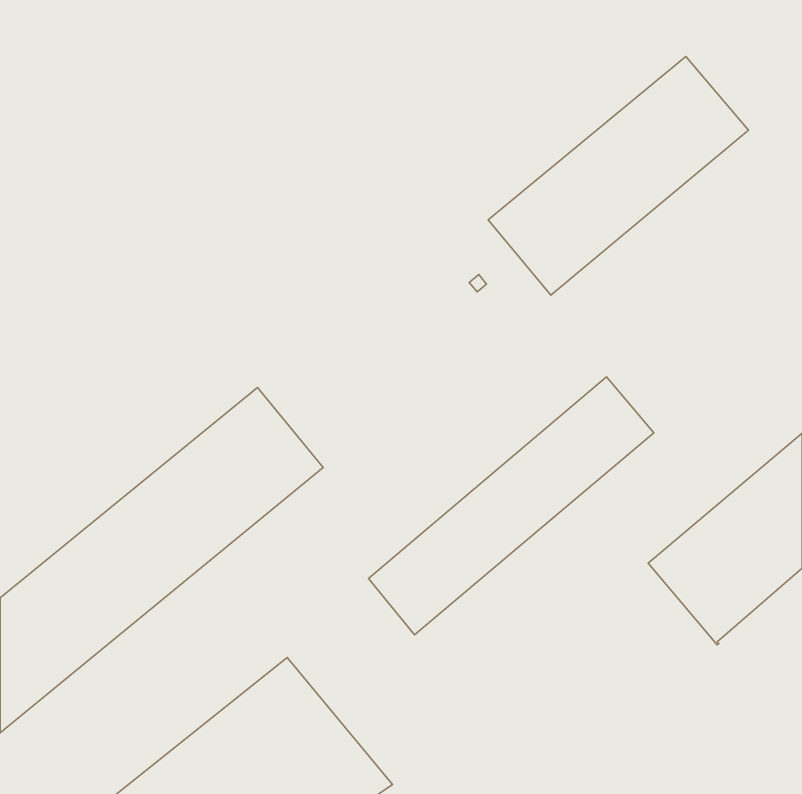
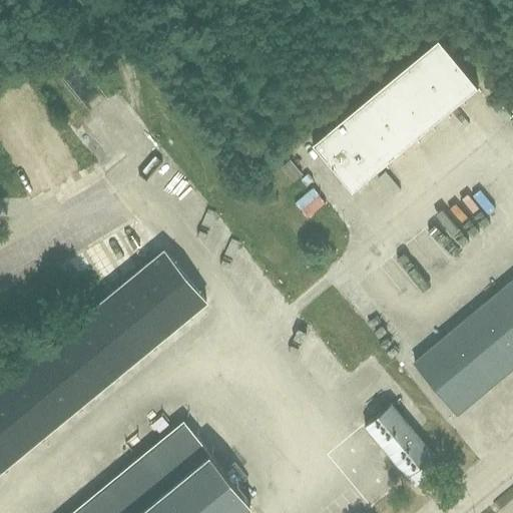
building: [369,377,654,635] -> none
building: none -> [364,406,434,480]

